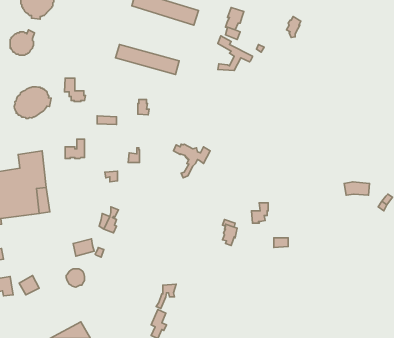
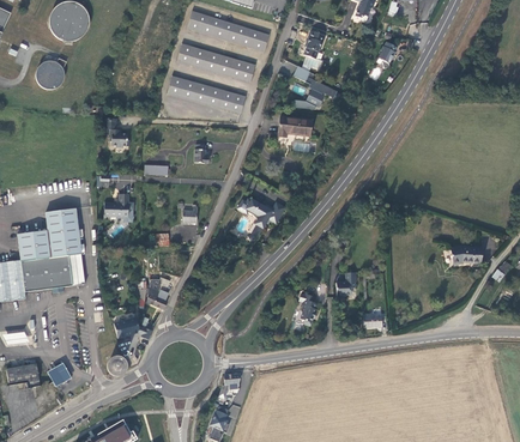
building: none -> [176,43,255,81]
building: none -> [278,116,312,137]
building: [14,87,51,118] -> none

